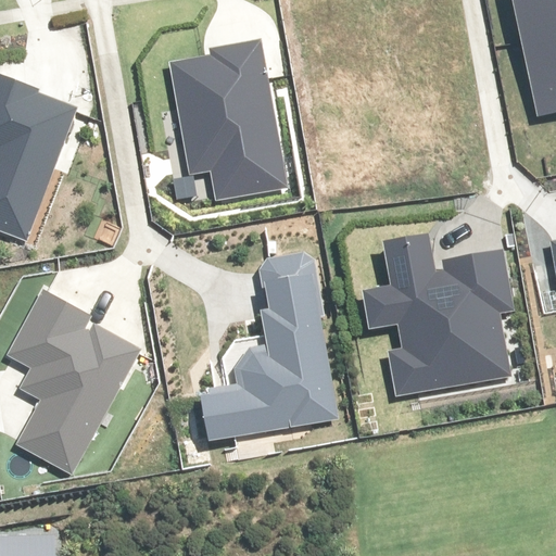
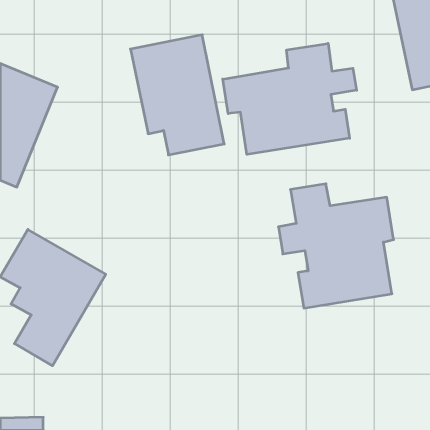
building: none -> [223,43,357,154]
building: [194,262,340,441] -> none

